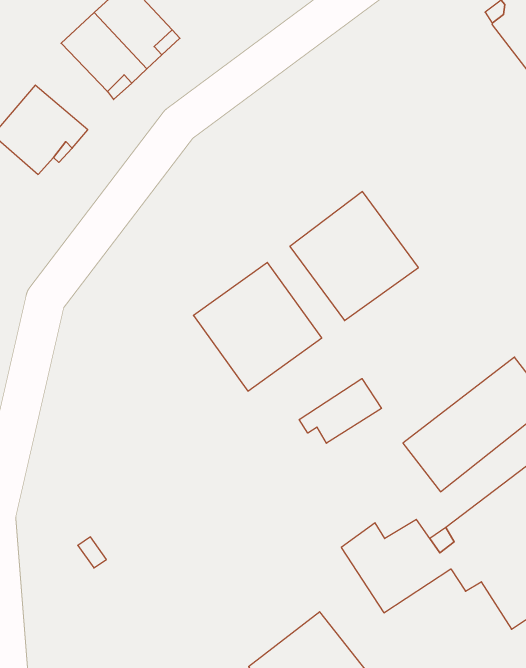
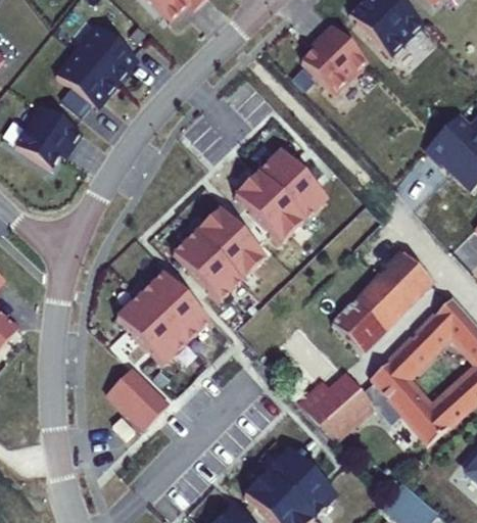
building: none -> [302,23,369,93]
building: none -> [116,272,209,364]
building: [299,379,381,443] -> none
building: none -> [107,366,169,428]

